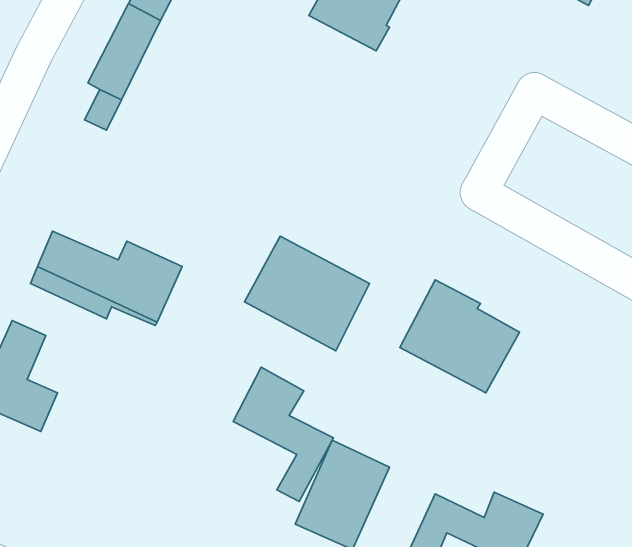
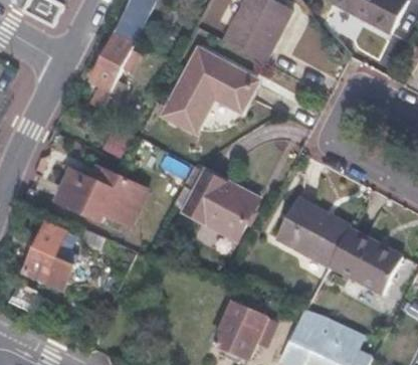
building: none -> [163,48,256,131]
building: none -> [328,228,401,294]
building: [233,367,333,502] -> none

